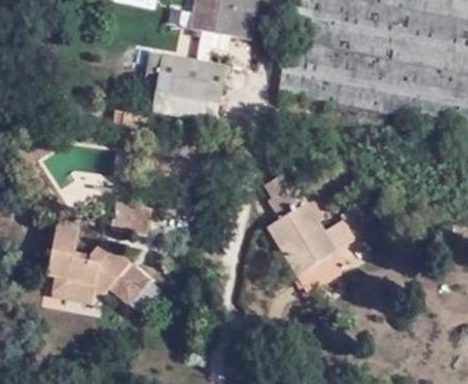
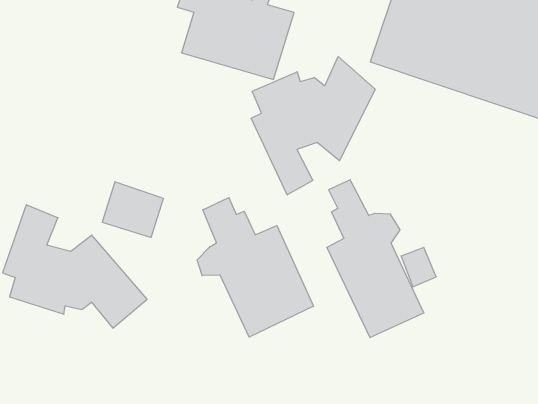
building: none -> [251,57,375,195]
building: none -> [197,198,314,337]

